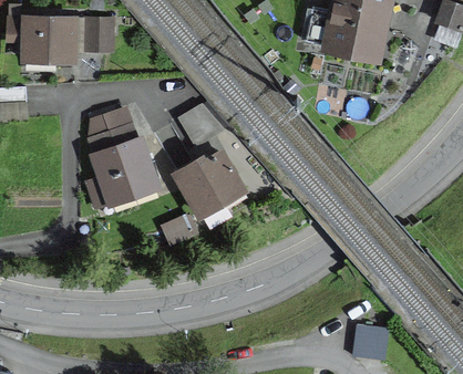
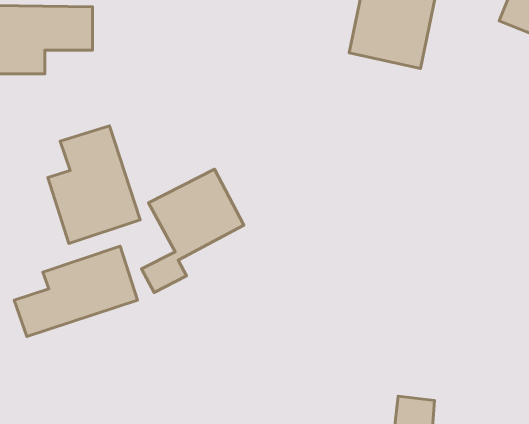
building: [177,101,220,145] -> none
building: none -> [14,246,138,337]

